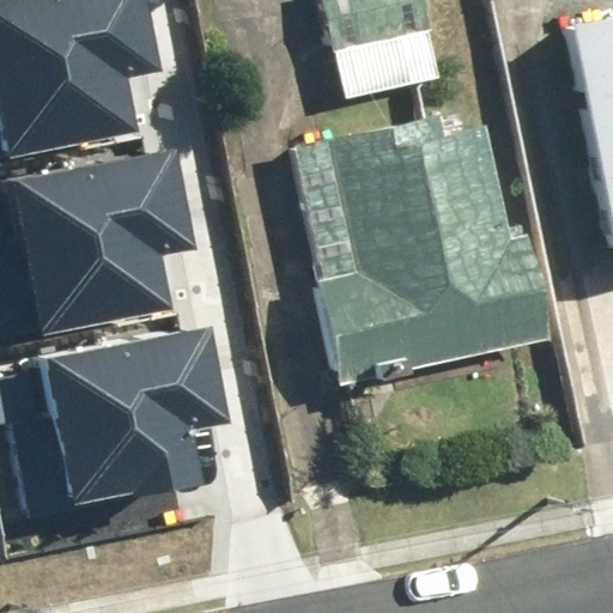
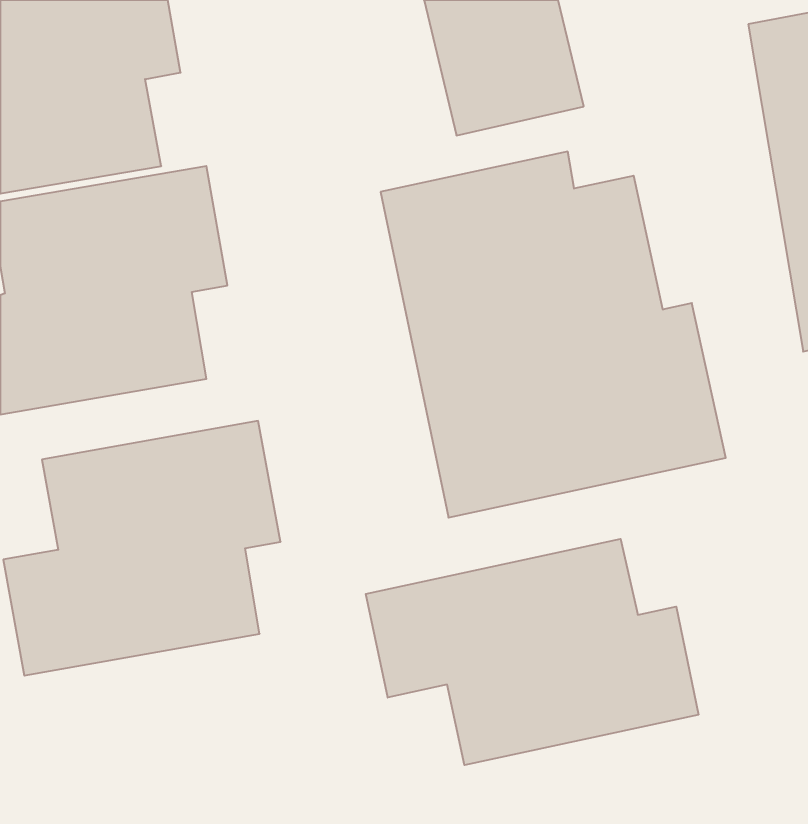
building: none -> [366,539,698,765]

